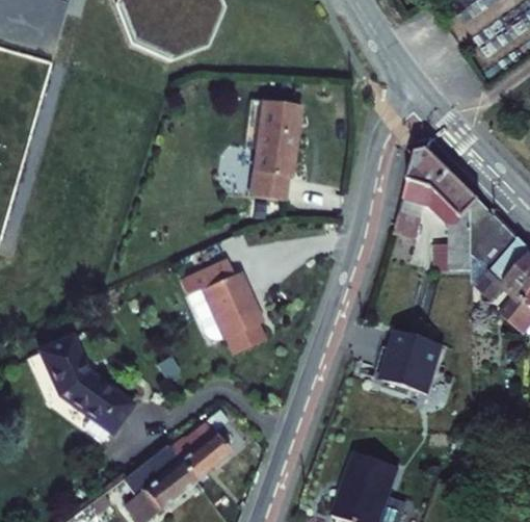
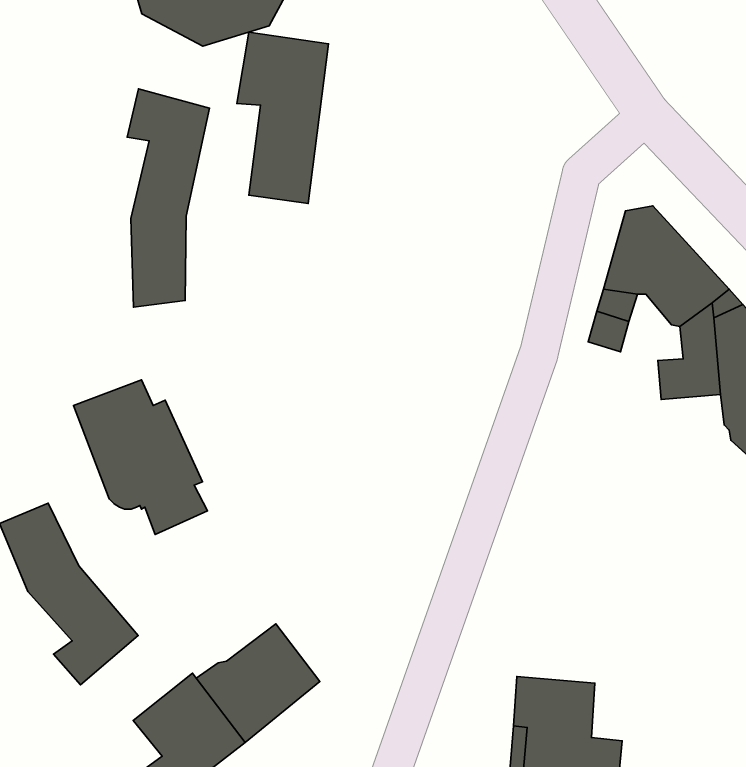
building: none -> [127,89,210,307]
building: [242,102,298,207] -> [237,32,329,204]
building: [186,263,268,358] -> [74,380,208,534]
building: [375,327,435,391] -> none

